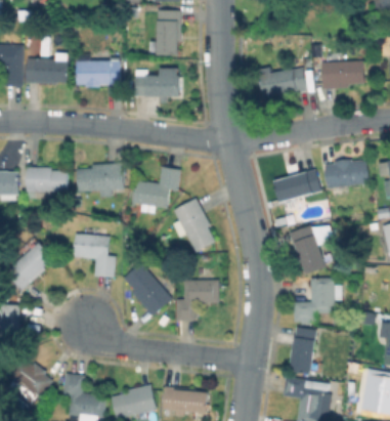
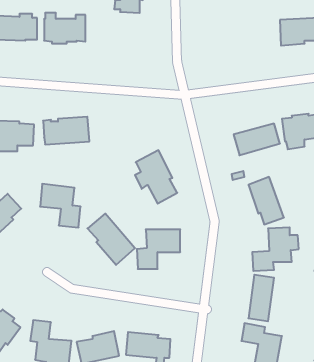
building: [260,68,308,95] -> none
building: [136,76,180,97] -> none
building: [127,167,180,208] -> none

